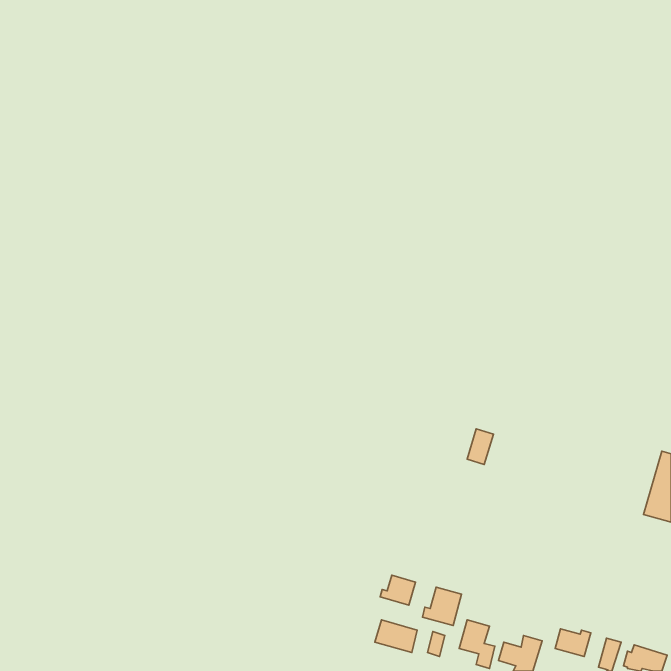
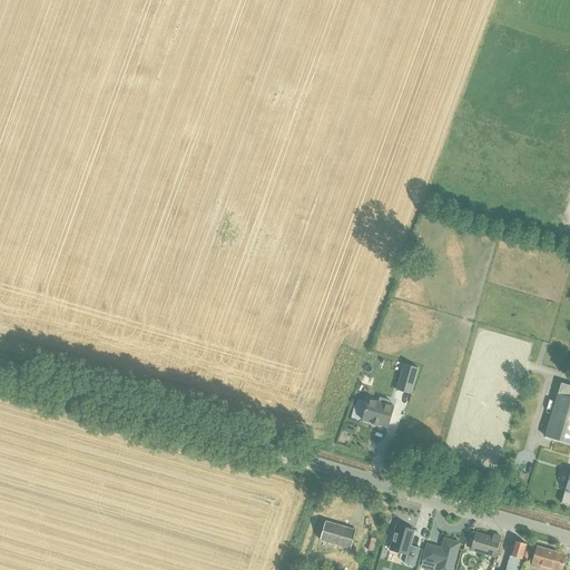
building: none -> [361,396,393,426]
building: [380,575,416,605] -> none
building: [422,587,462,625] -> none

